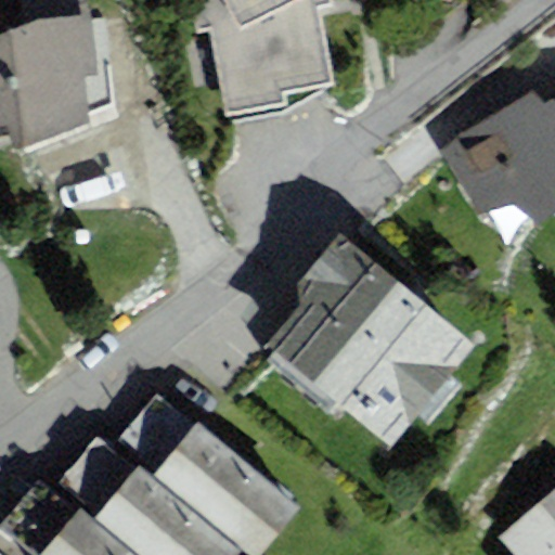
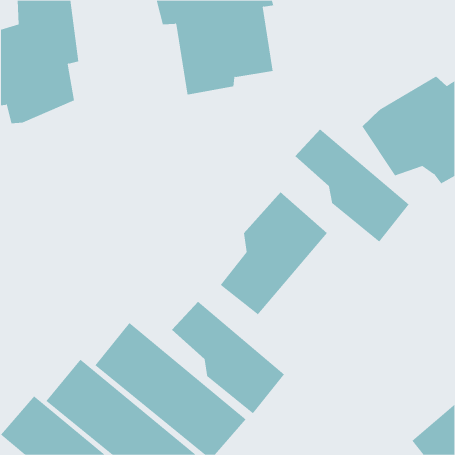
building: none -> [294,128,410,242]
building: [314,284,476,449] -> none
building: none -> [171,301,285,414]

